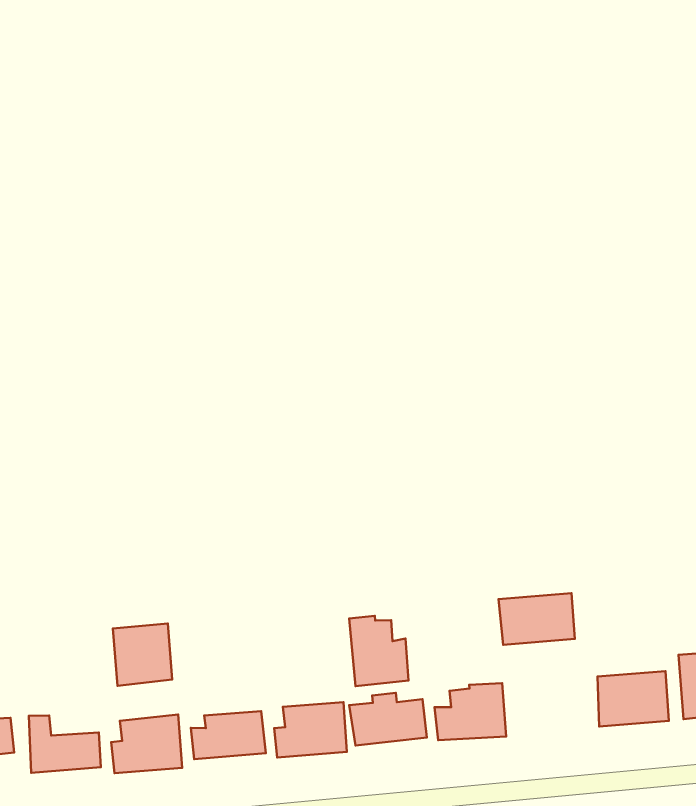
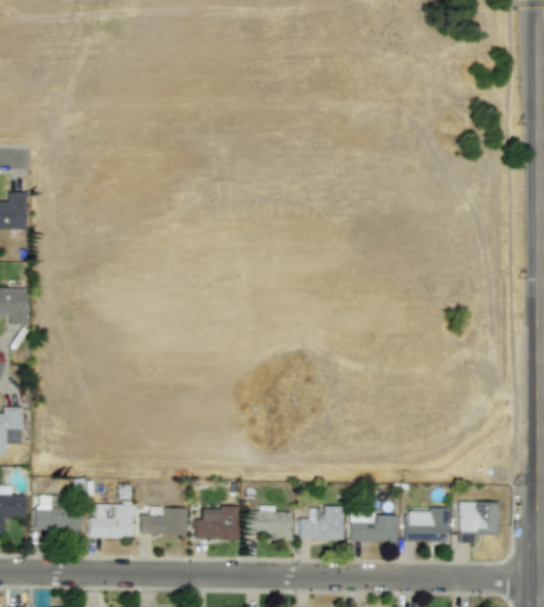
building: [498,593,575,645] -> [350,512,397,543]
building: [349,616,409,686] -> none
building: [113,624,172,686] -> none

